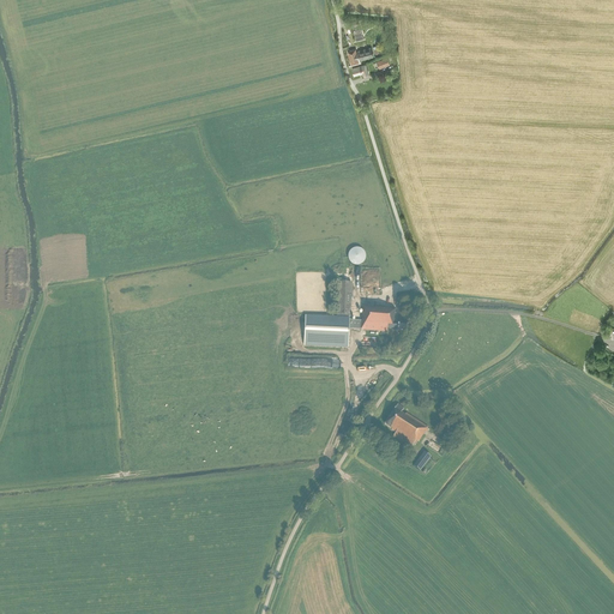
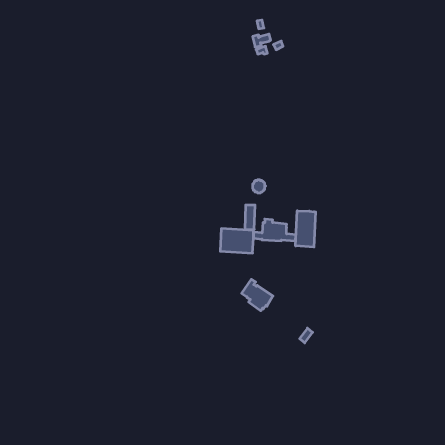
building: none -> [296,211,316,247]
building: [384,404,427,447] -> [242,279,273,311]

